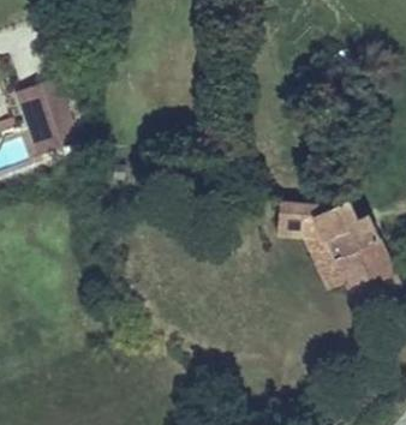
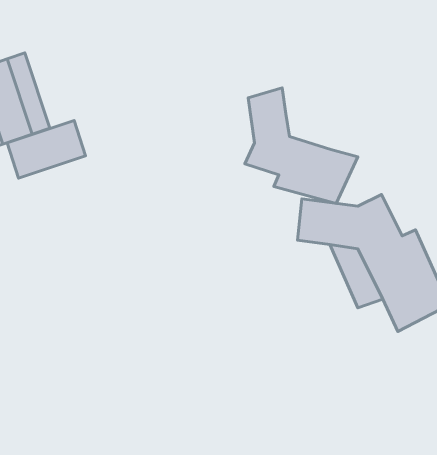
building: none -> [245,88,358,203]
building: none -> [7,120,86,178]

